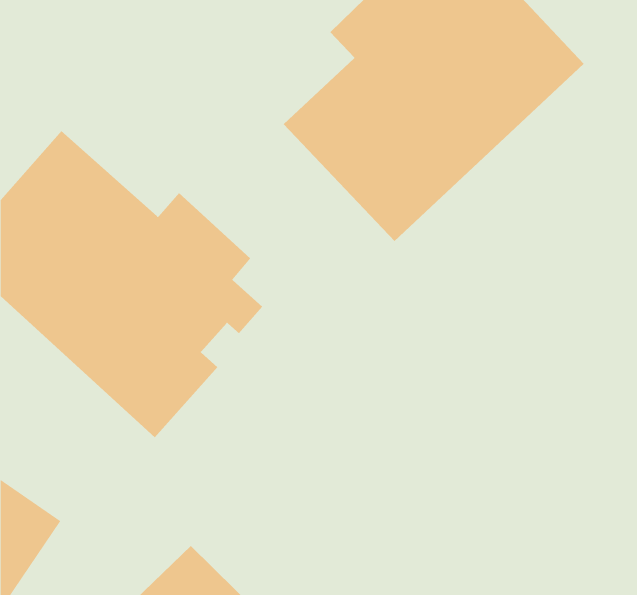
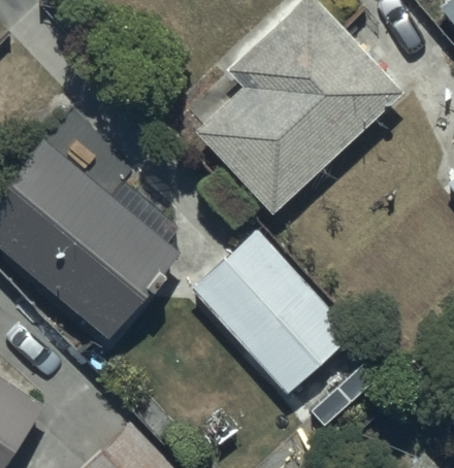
building: none -> [193,232,350,395]

